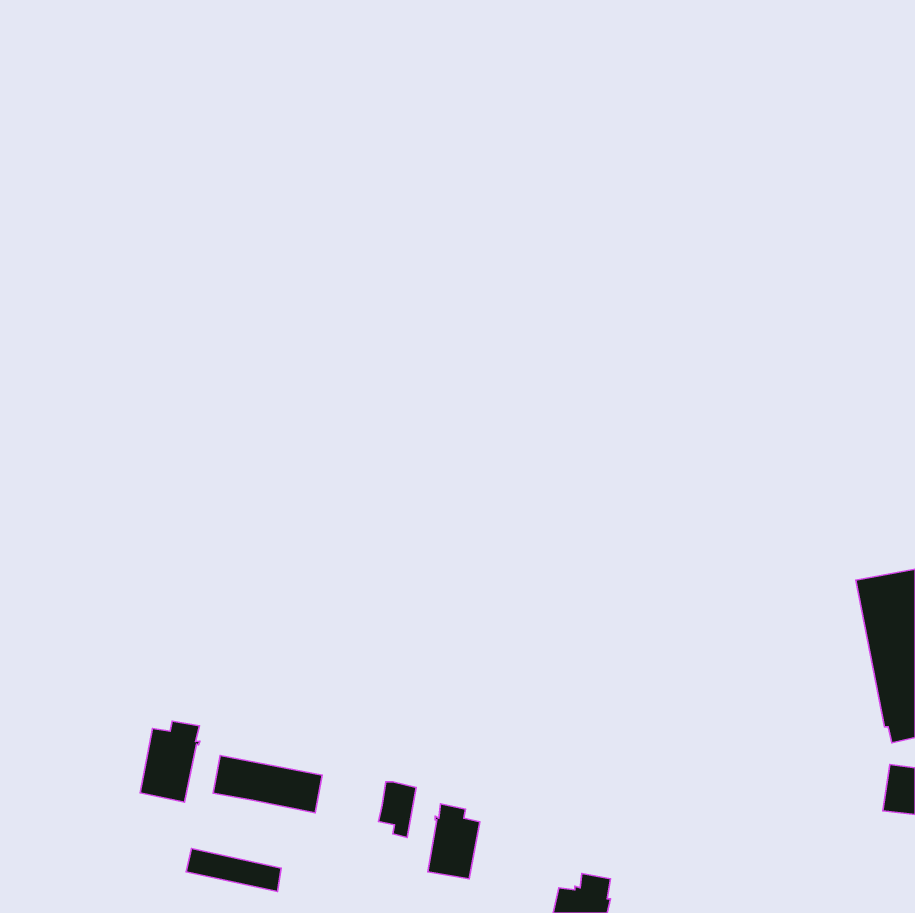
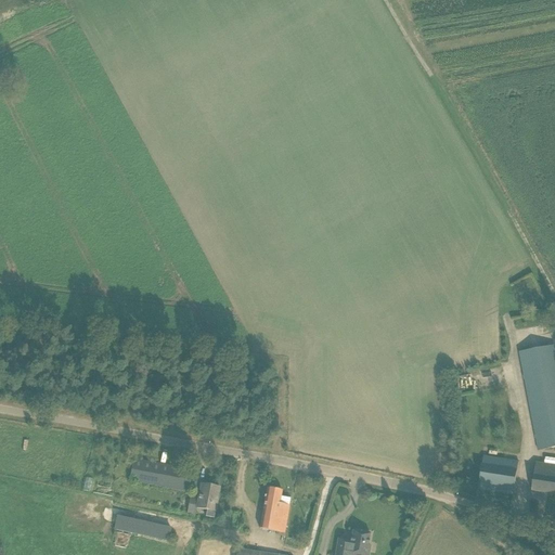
building: [140,721,200,802] -> none
building: none -> [478,455,518,493]
building: [379,782,416,837] -> [196,483,219,517]

